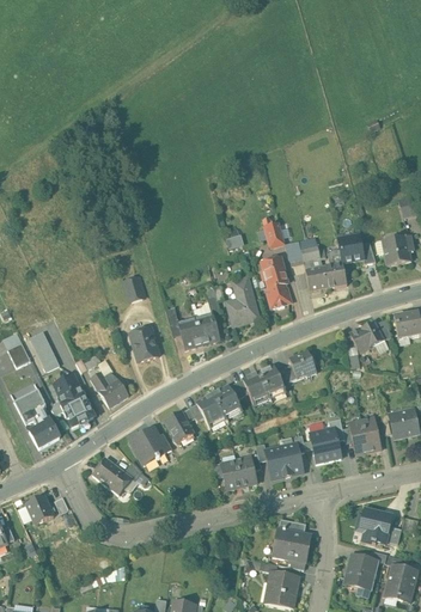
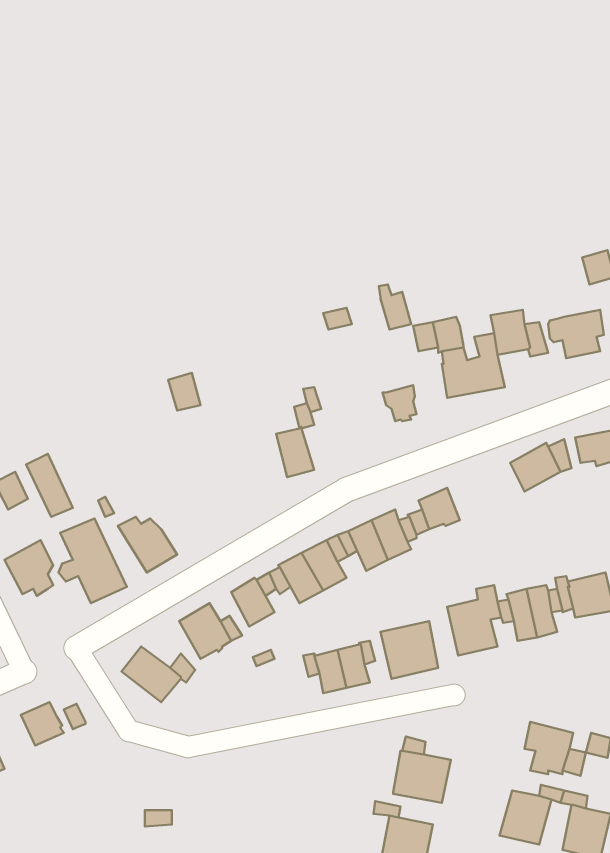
building: [261,257,288,289] -> none
building: [226,277,258,326] -> none
building: [177,317,202,350] -> none
building: [130,329,158,362] -> none
building: [30,416,60,448] -> none

